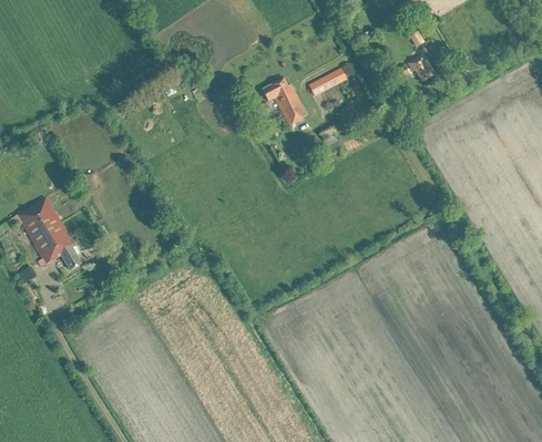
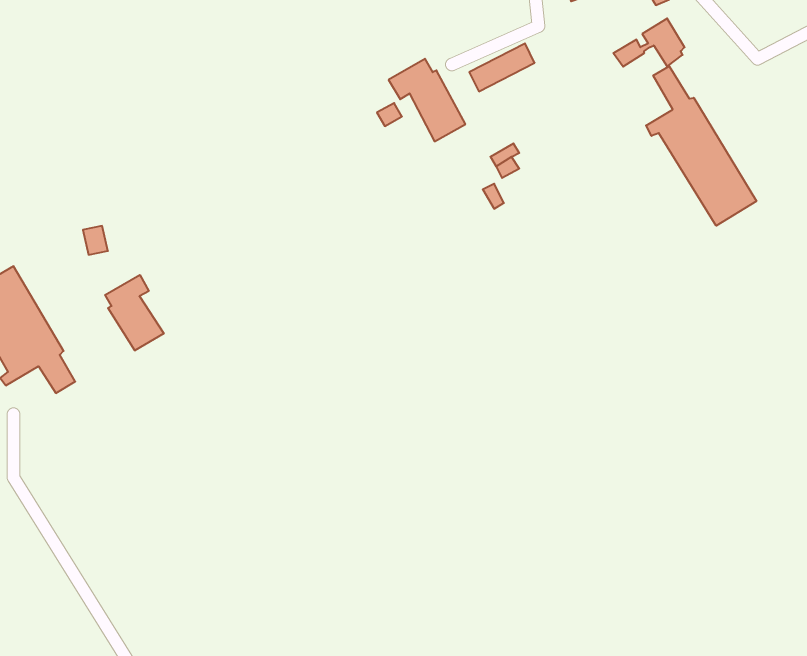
building: none -> [646,66,756,226]
building: none -> [105,275,164,351]

